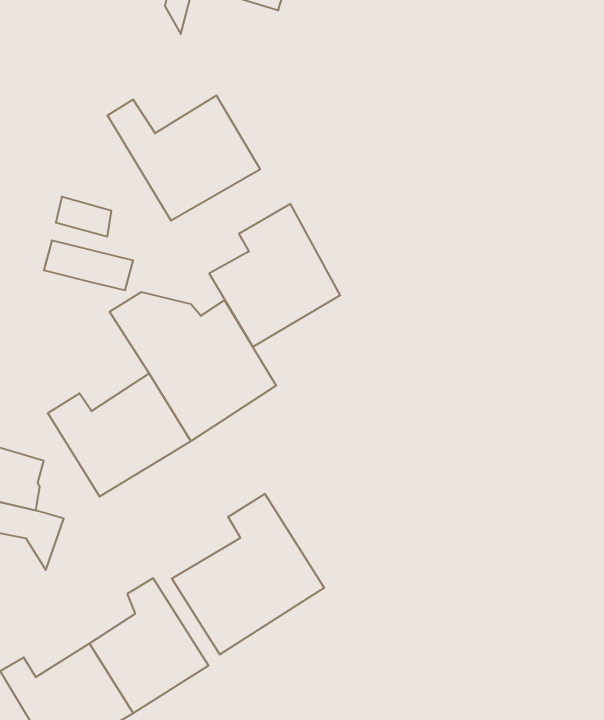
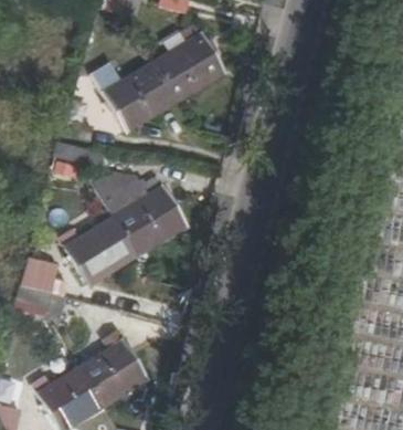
building: [209,204,340,347] -> [151,23,224,103]
building: [172,494,324,655] -> none

